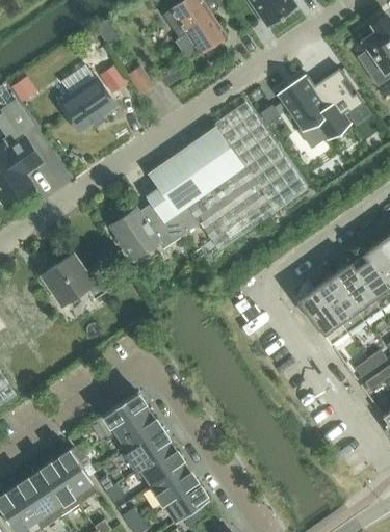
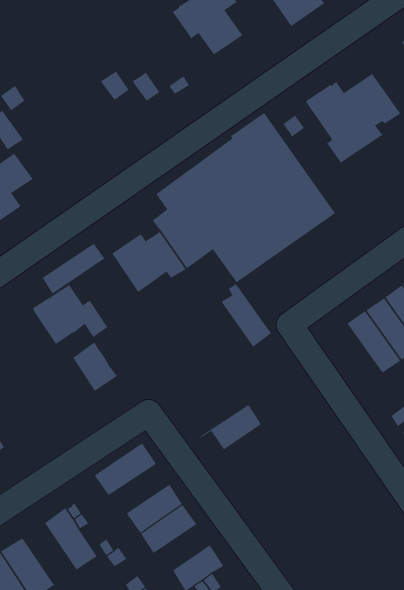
building: [58,64,115,131] -> none
building: none -> [42,243,105,294]
building: [303,287,347,343] -> [221,283,272,347]
building: none -> [72,341,118,392]
building: [107,409,161,453] -> [200,404,262,454]
building: [32,461,79,515] -> none
building: [147,462,197,503] -> none

